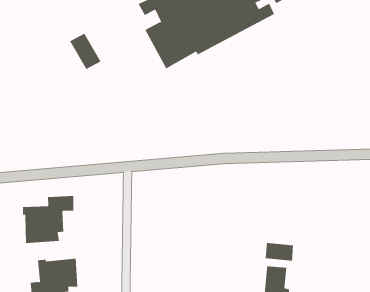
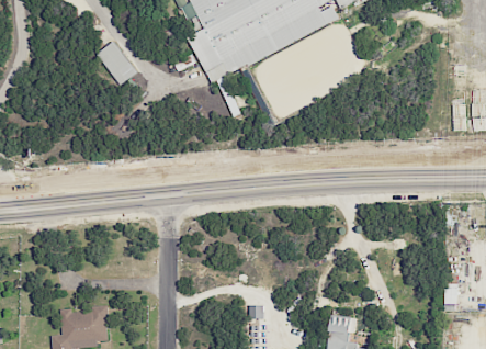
building: [22,195,74,244] -> none
building: [265,242,294,262] -> none

